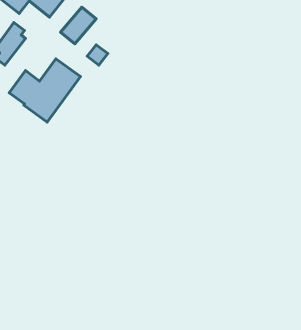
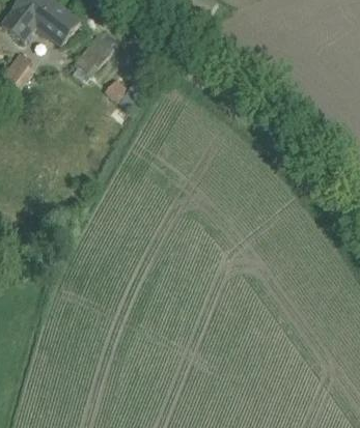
building: [9,59,80,122] -> none

